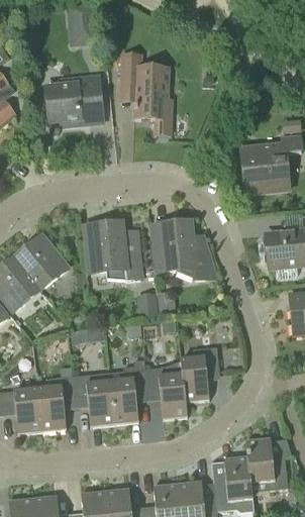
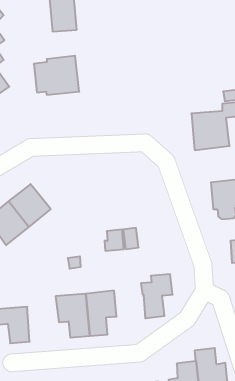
building: [119,53,172,134] -> none
building: [85,224,143,280] -> none
building: [154,224,215,283] -> none
building: [145,359,186,419] -> none
building: [37,376,77,432] -> none

